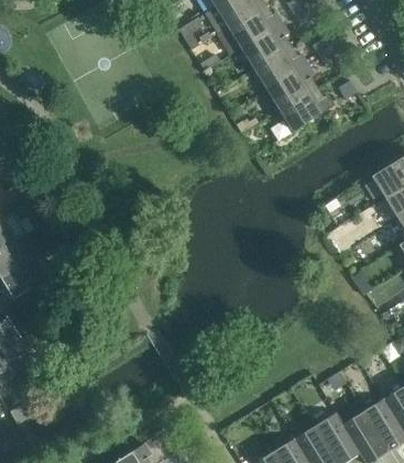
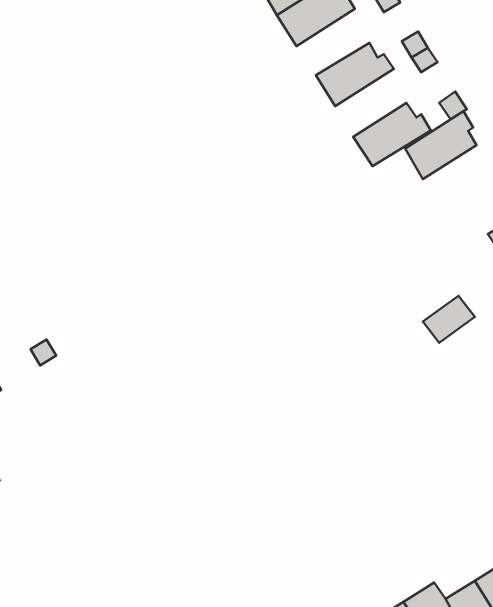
building: [241,23,291,68] -> none
building: [267,64,316,110] -> [405,111,476,179]

